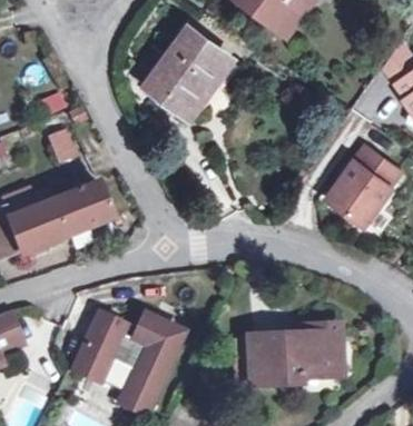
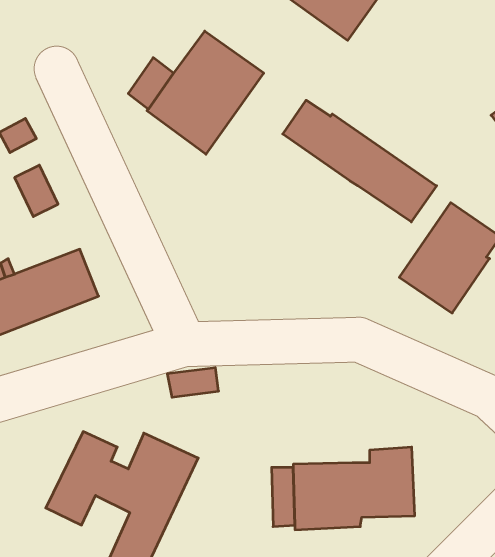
building: none -> [283,100,437,222]

